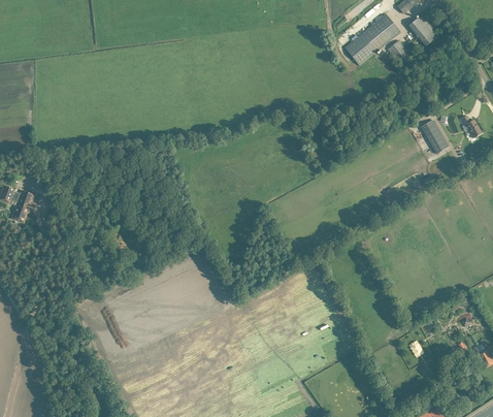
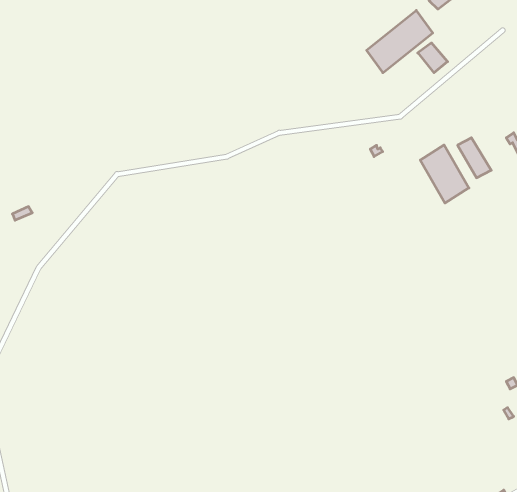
building: [406,14,437,46] -> none
building: none -> [420,145,469,203]

